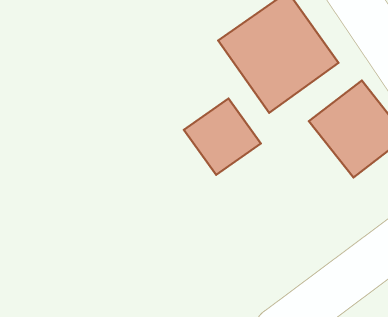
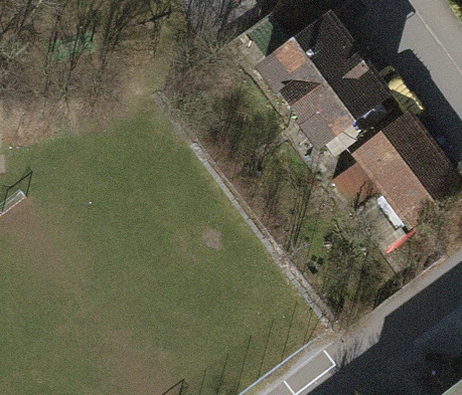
building: [184,99,261,175] -> none

